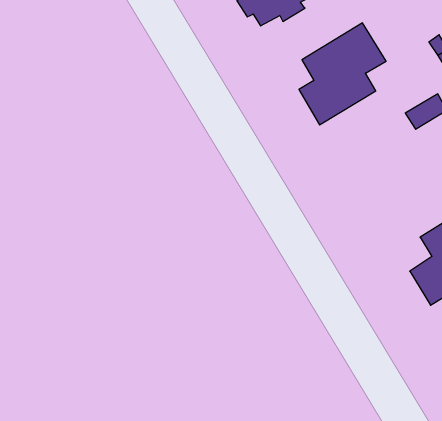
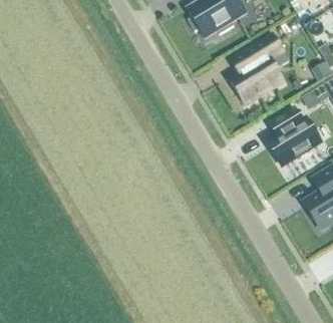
building: none -> [267,106,320,164]

